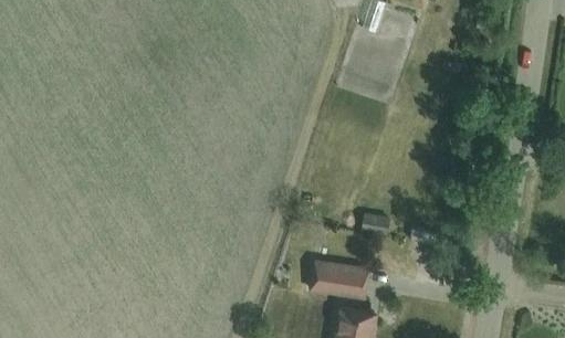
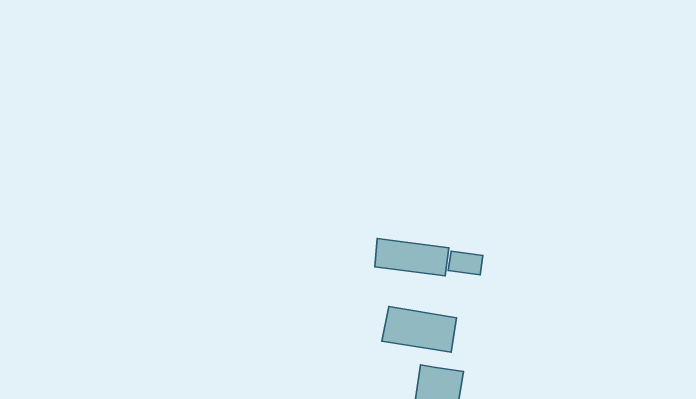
building: none -> [375,238,449,276]

